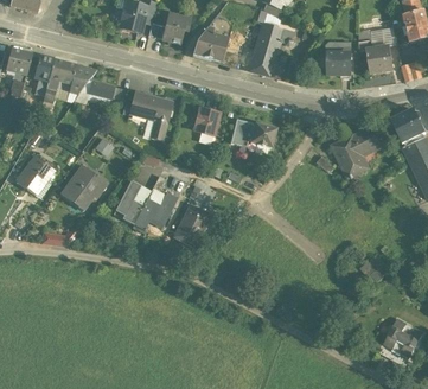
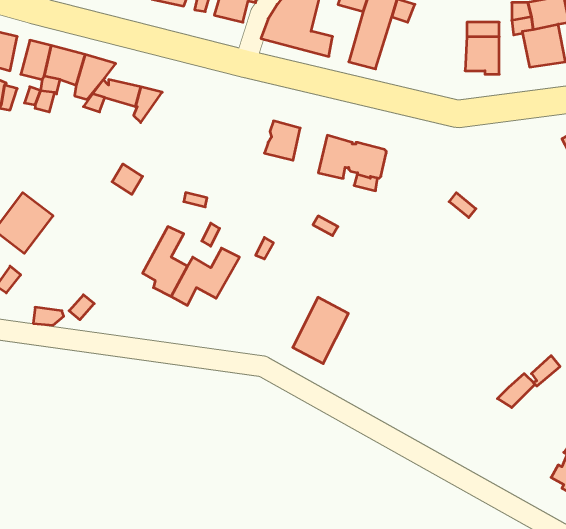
building: [128,90,173,141] -> none
building: [332,125,385,178] -> none
building: [60,167,107,208] -> none
building: [173,204,210,248] -> [293,297,348,364]

